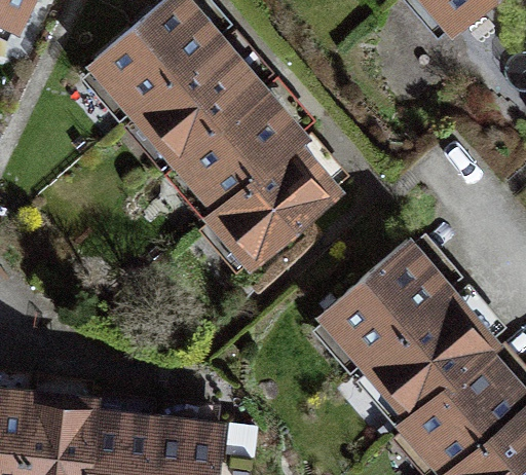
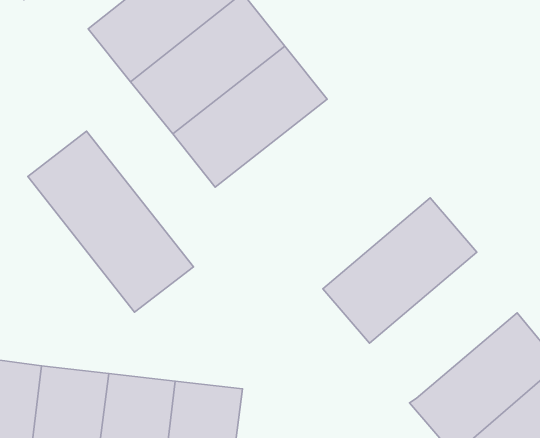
building: [204,140,350,273] -> none
building: none -> [28,131,193,312]
building: [350,285,496,424] -> none

